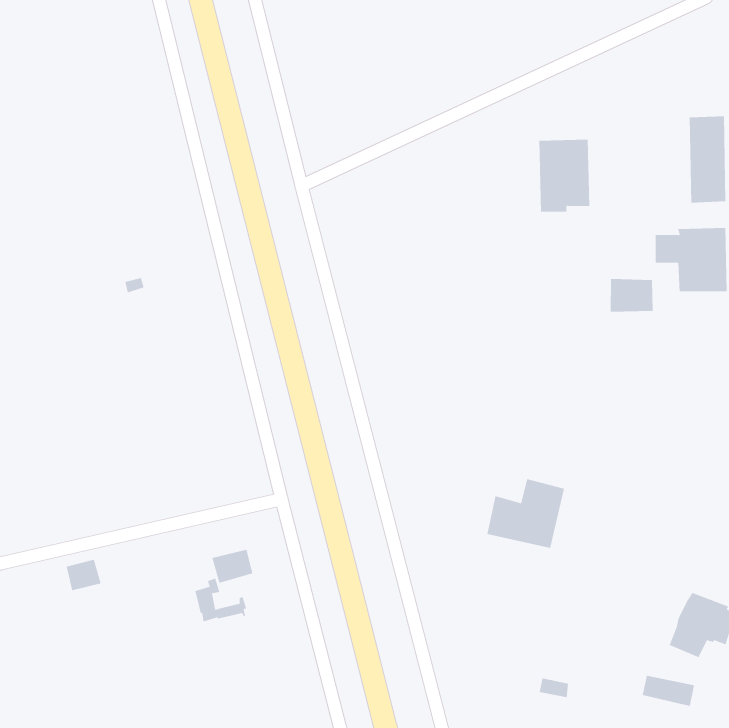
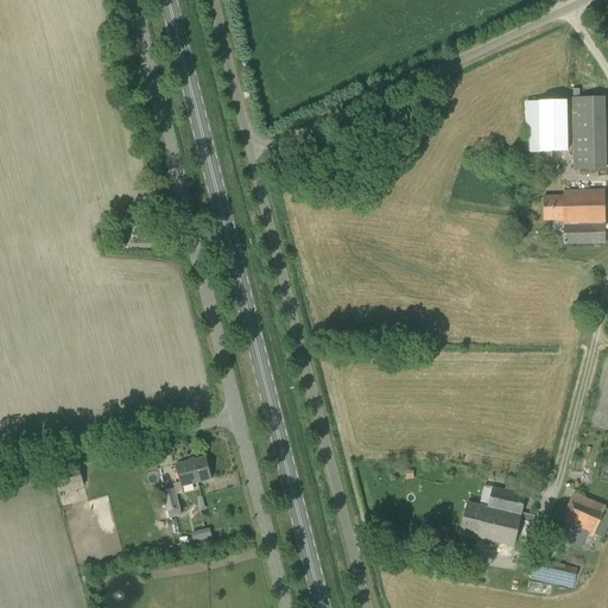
building: [539,139,590,212] -> [528,97,571,158]
building: [610,278,653,312] -> none
building: [486,478,565,548] -> [461,486,526,544]

